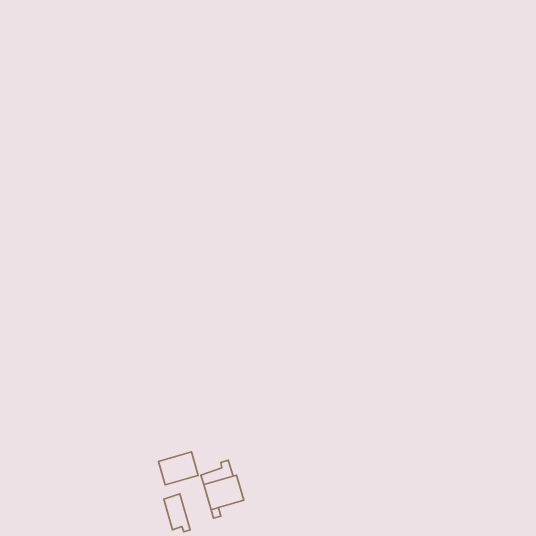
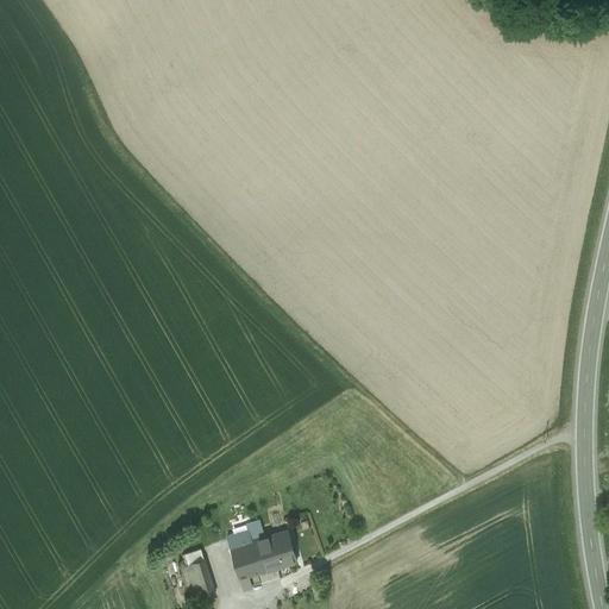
building: [158,452,198,485] -> none
building: none -> [268,533,296,567]

